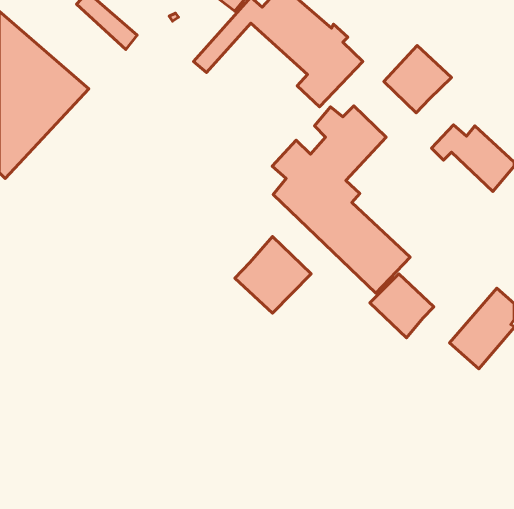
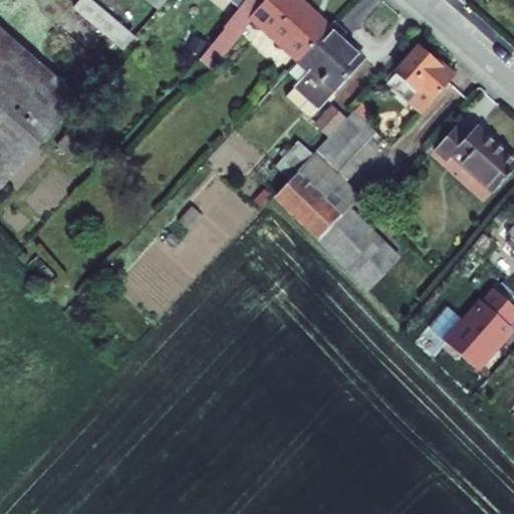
building: [235,237,311,313] -> none
building: [370,274,434,338] -> none

